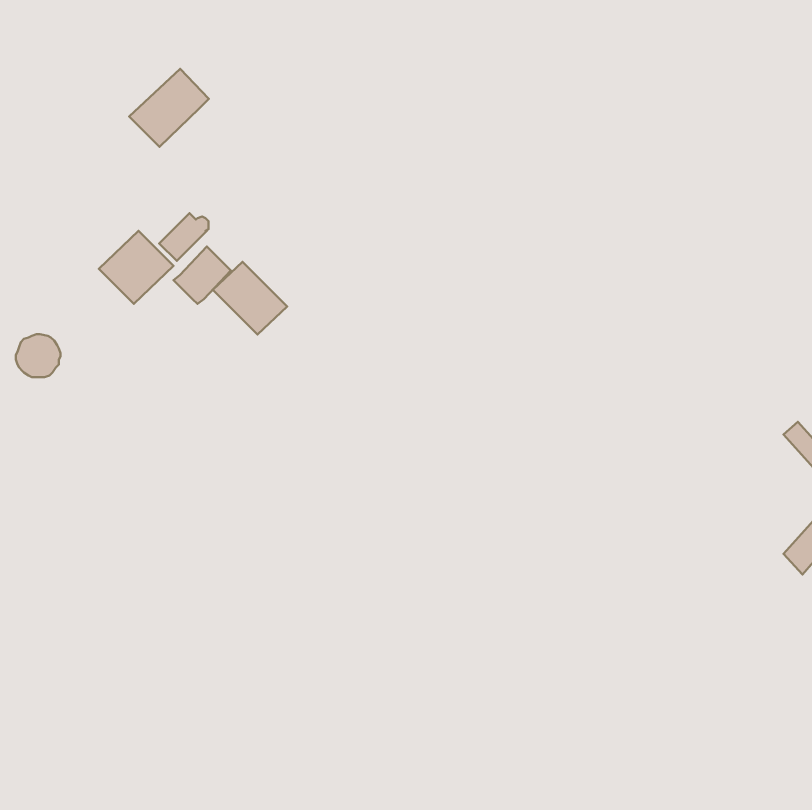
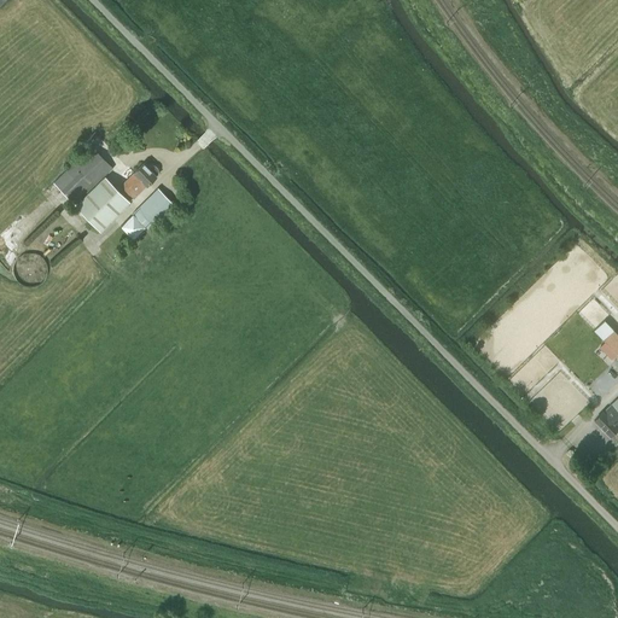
building: [129,69,209,147] -> [53,147,113,206]
building: [213,262,287,335] -> none

